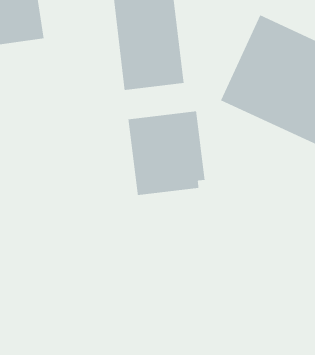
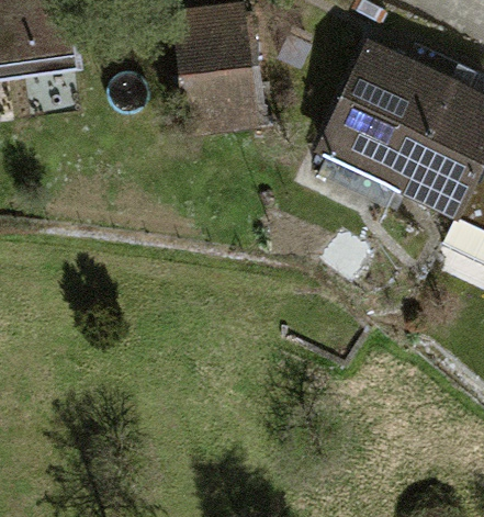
building: [128,110,205,196] -> none

